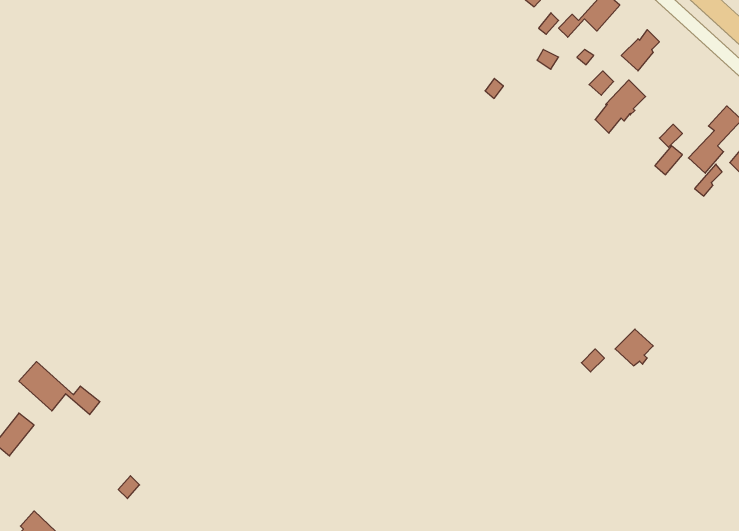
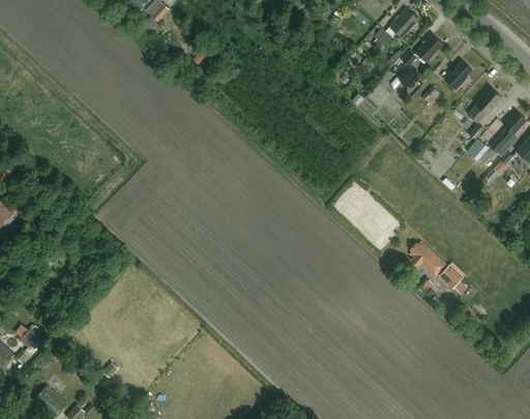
building: [595,80,646,133] -> [467,88,501,124]
building: none -> [410,243,445,277]
building: [19,362,100,415] -> none

